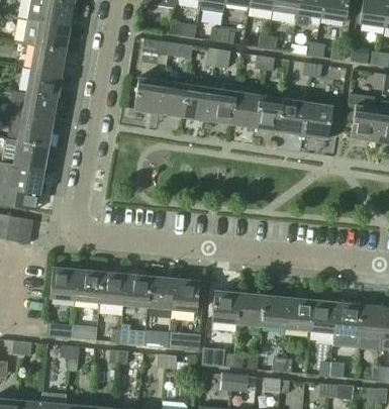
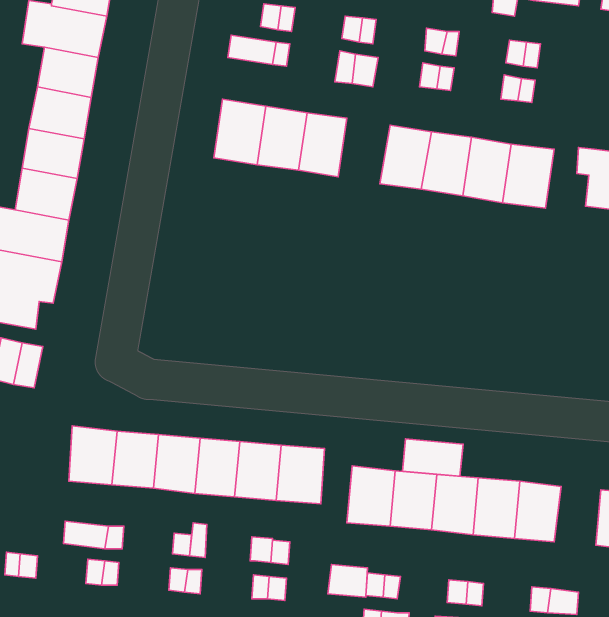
building: [206,87,236,125] -> none
building: none -> [402,439,463,476]
building: [331,302,360,347] -> none

